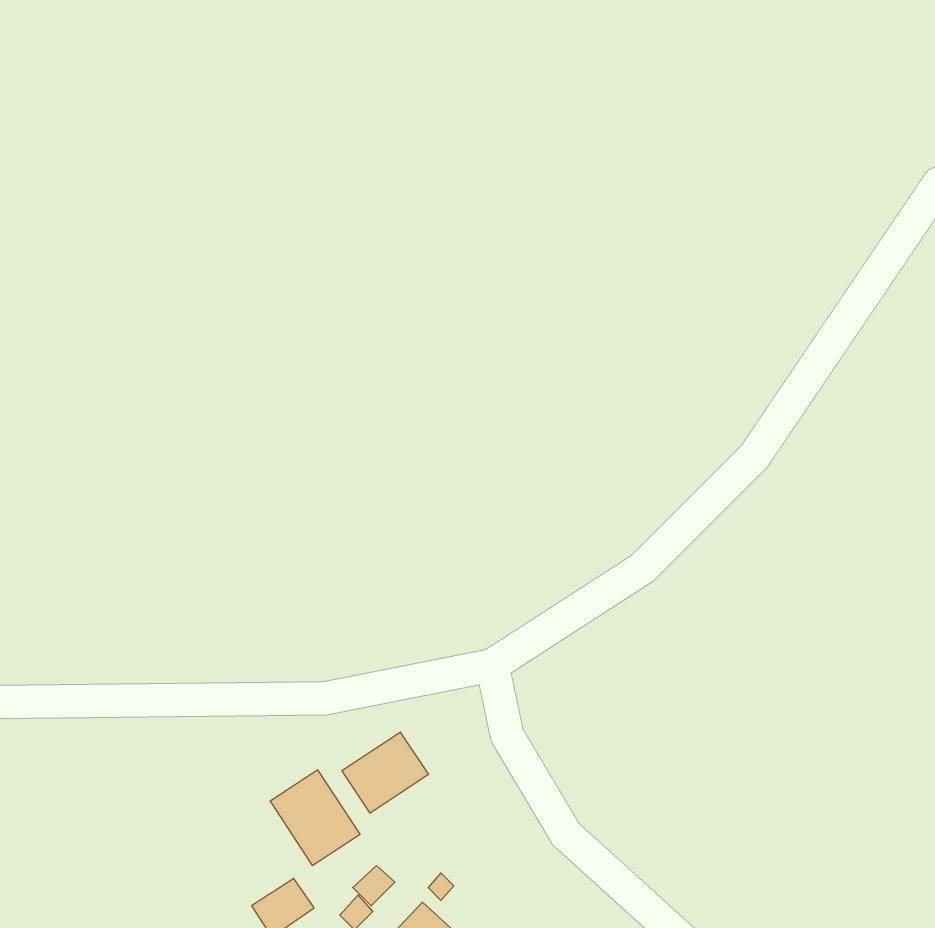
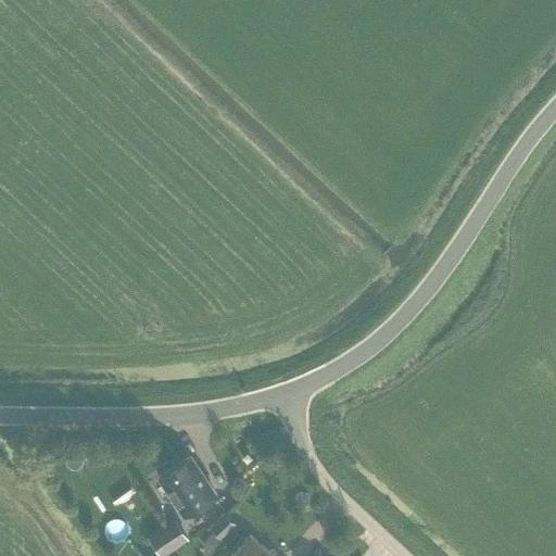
building: [342,732,428,813] -> none

